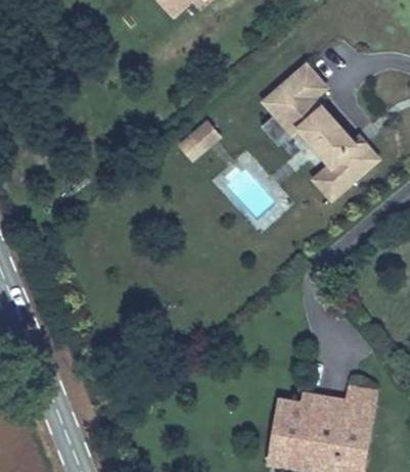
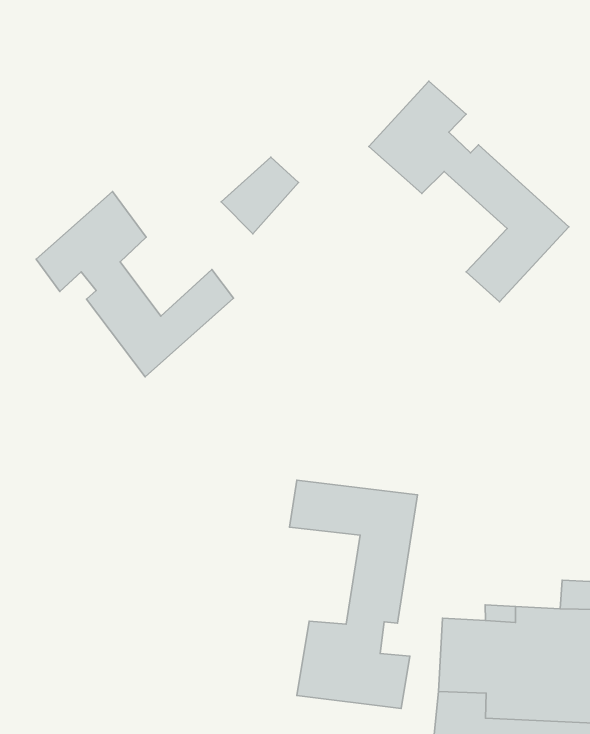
building: none -> [36,191,233,377]
building: none -> [289,480,417,709]

